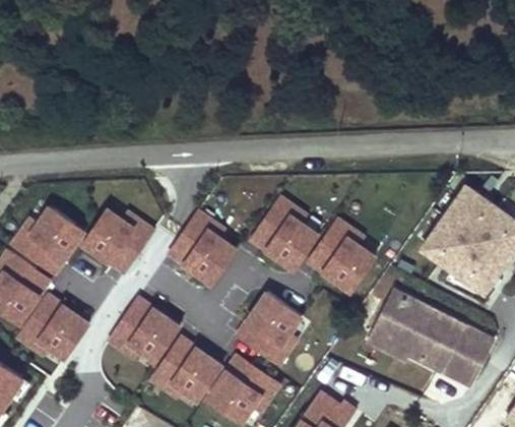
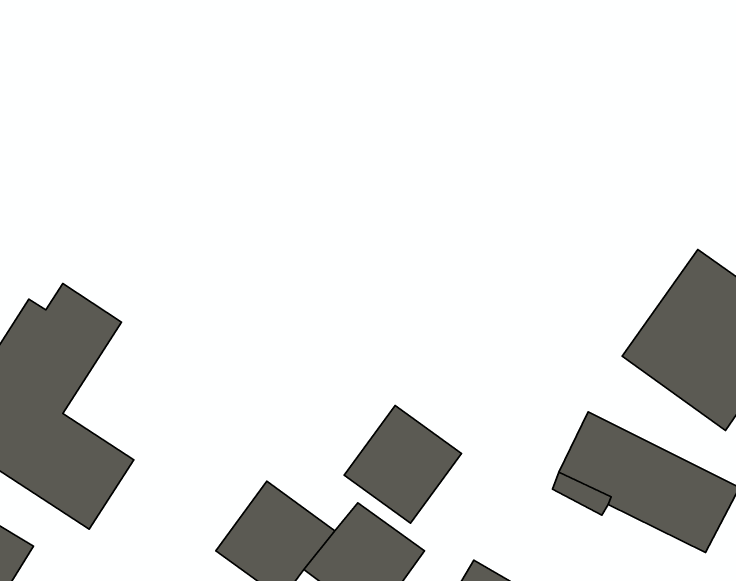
building: [247,196,379,295] -> none
building: [79,201,154,277] -> none
building: [163,209,244,291] -> none
building: [106,295,183,372] -> none

